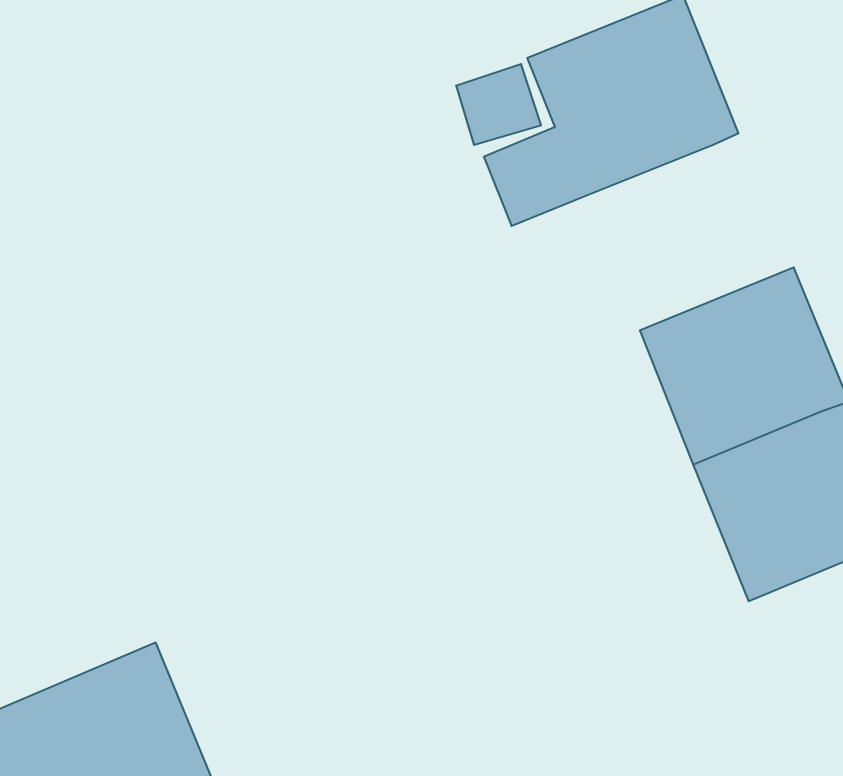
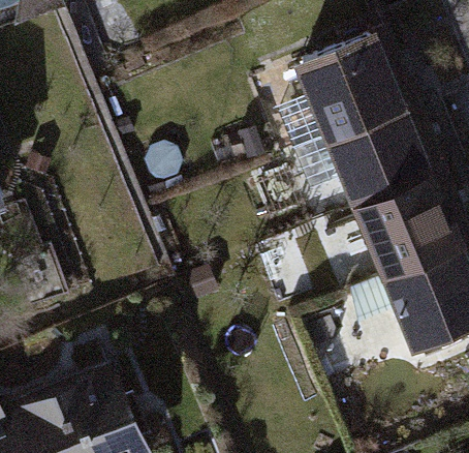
building: none -> [327,111,437,214]

